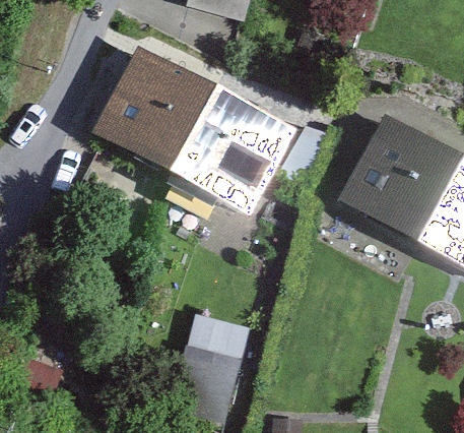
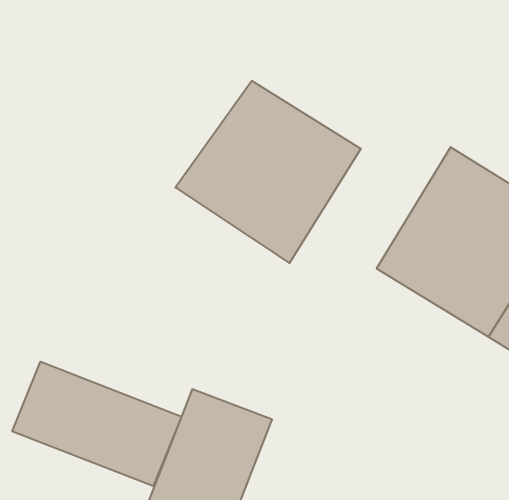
building: [93,46,215,164] -> none
building: none -> [12,362,181,486]

